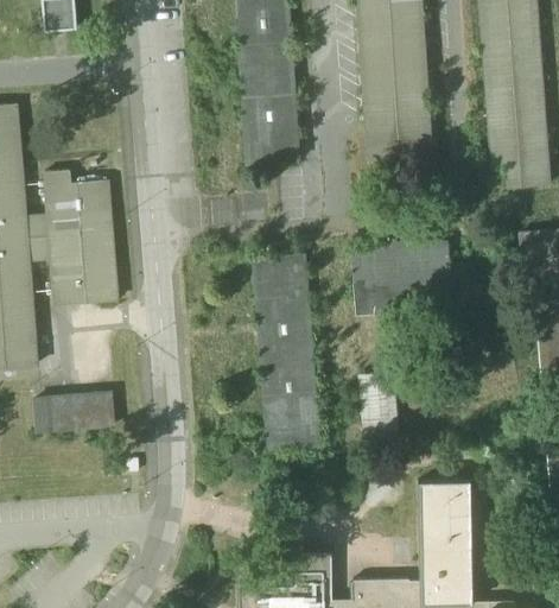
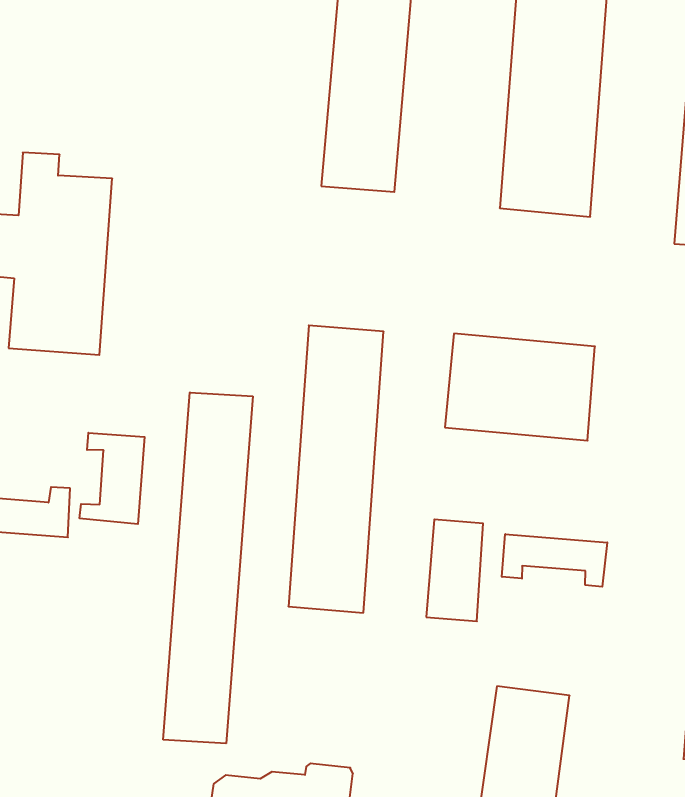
building: none -> [163,392,253,743]
building: none -> [80,433,145,524]
building: none -> [502,534,607,587]

